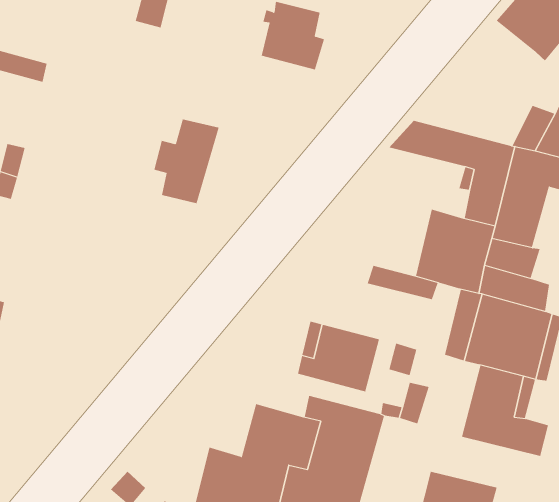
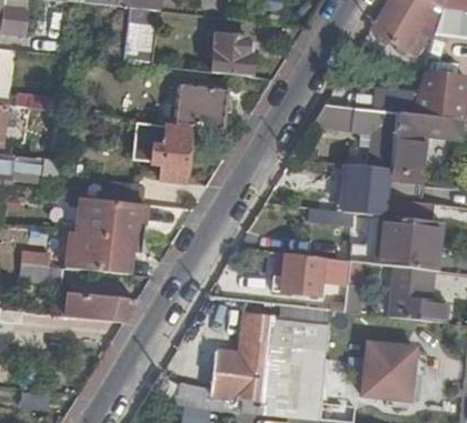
building: none -> [175,83,227,127]
building: none -> [63,199,147,275]
building: none -> [70,293,138,322]

